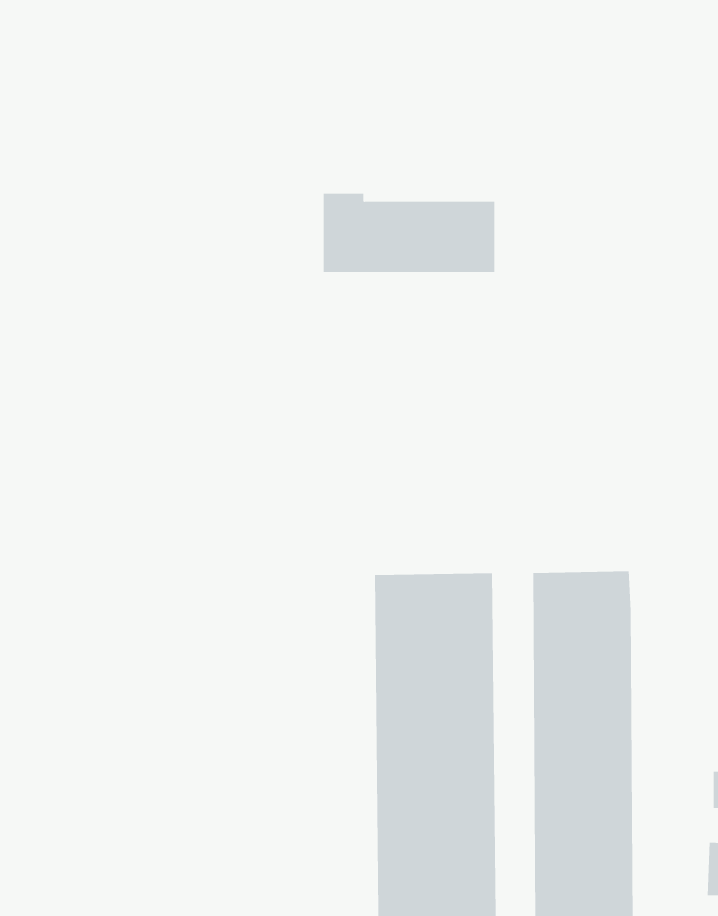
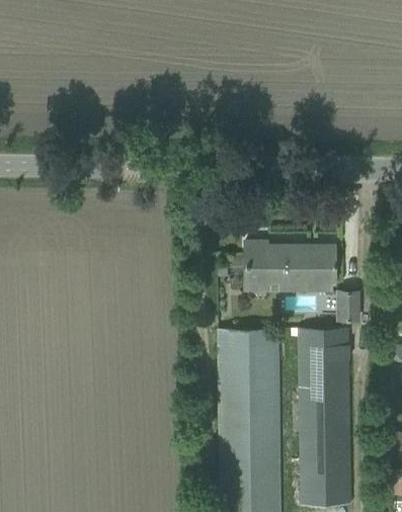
building: [323,193,495,273] -> [246,242,334,282]
building: none -> [340,292,358,320]

